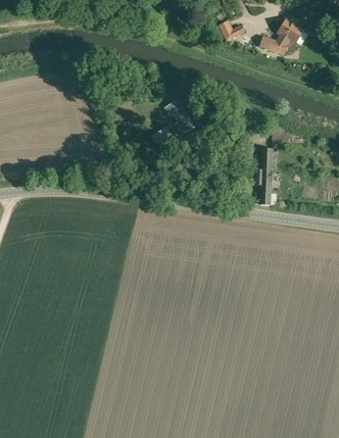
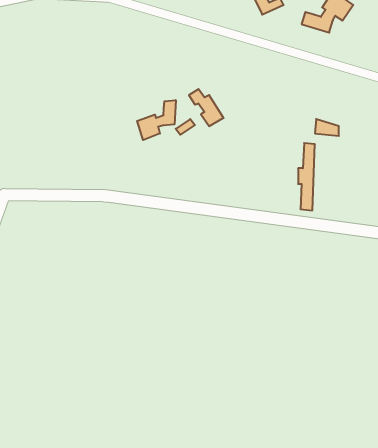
building: none -> [137,100,176,140]

